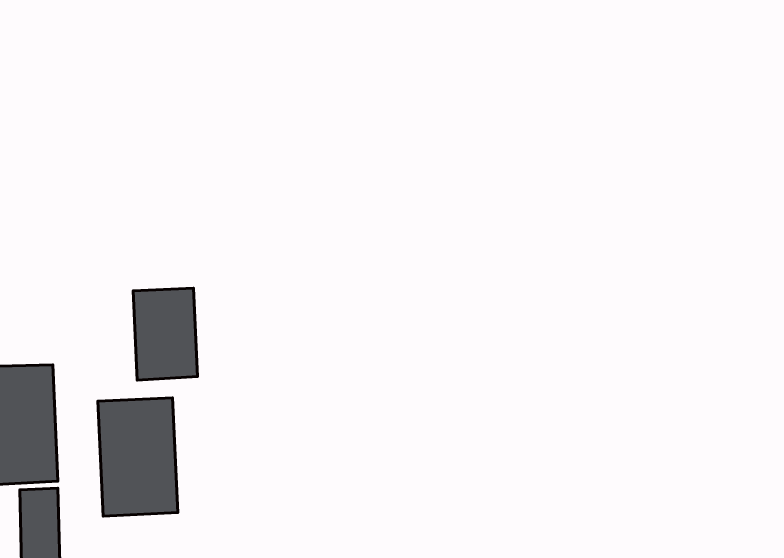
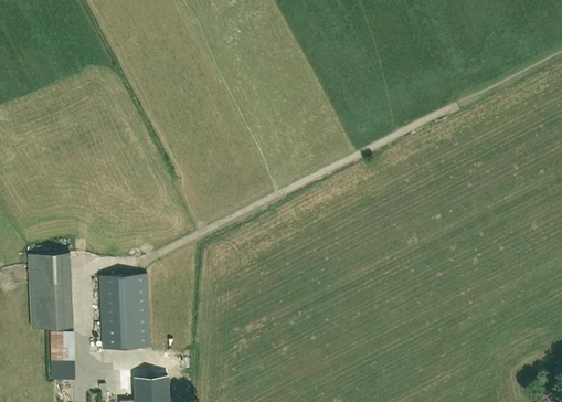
building: [133,288,197,380] -> none

